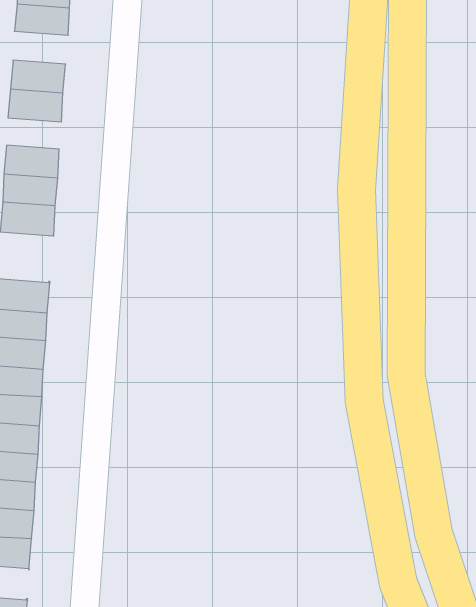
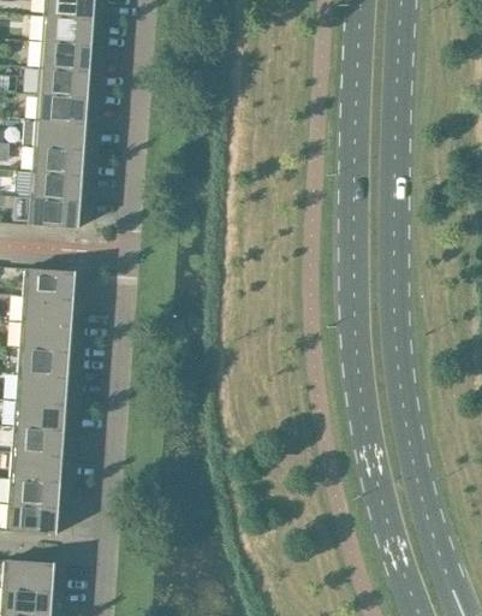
building: none -> [41,40,91,70]
building: none -> [35,119,85,148]

